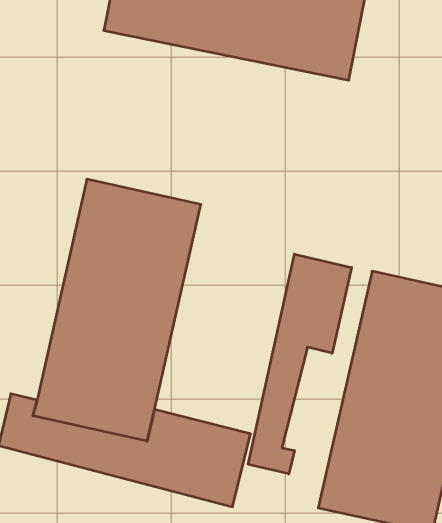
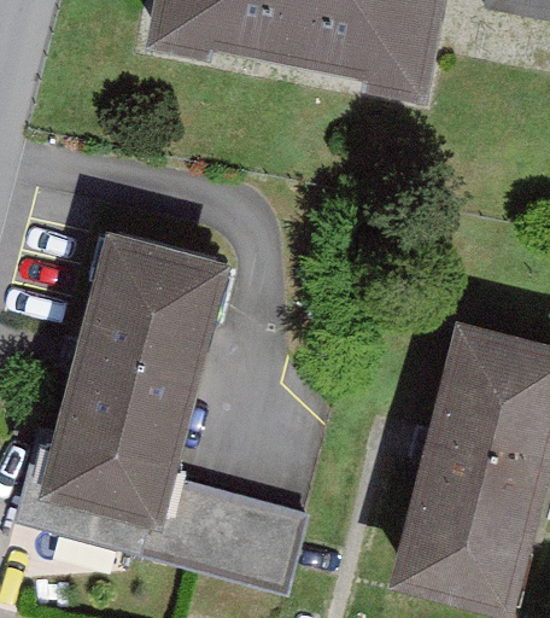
building: [248,254,352,474] -> none

